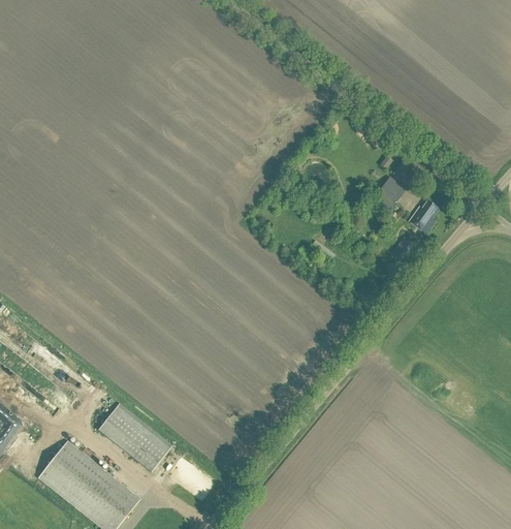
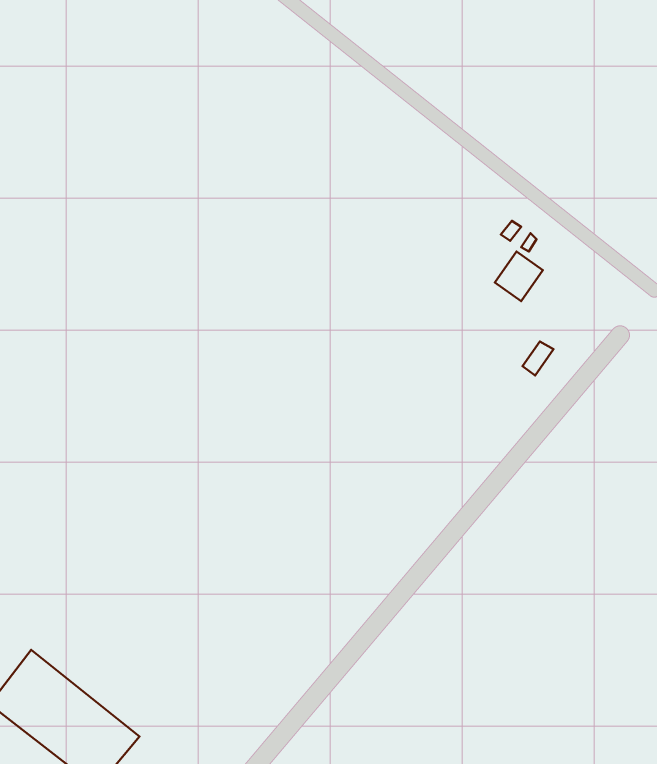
building: [409,200,439,235] -> none
building: [98,403,172,472] -> none

